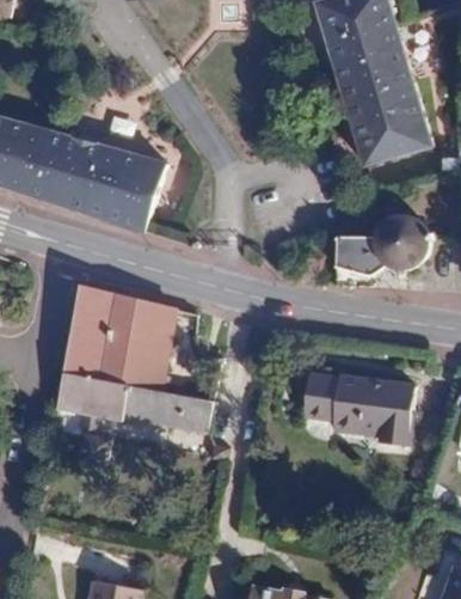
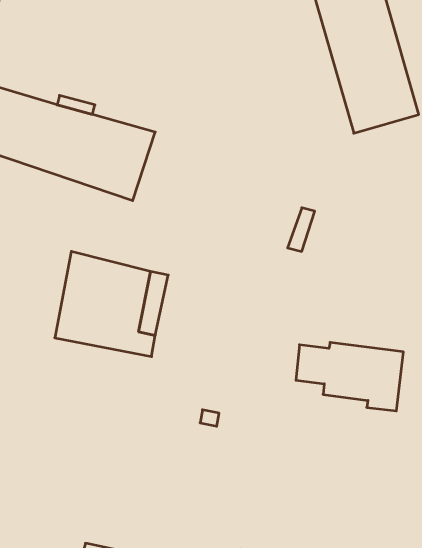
building: [334,215,428,287] -> none
building: [55,372,211,469] -> none

